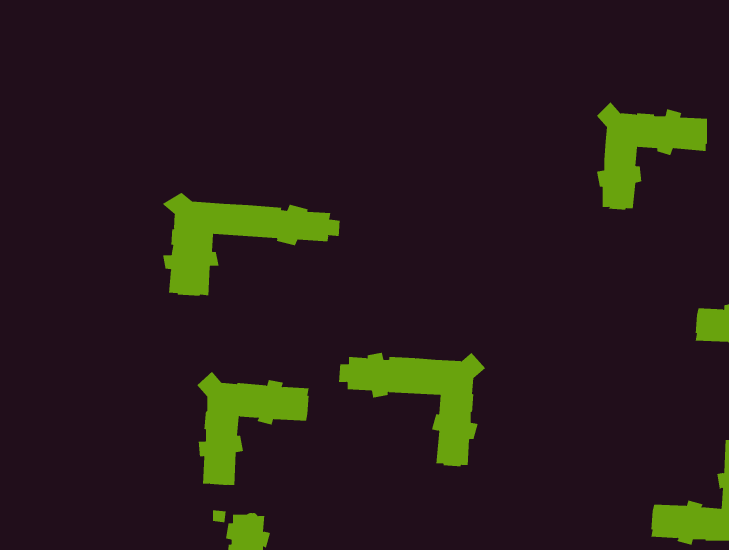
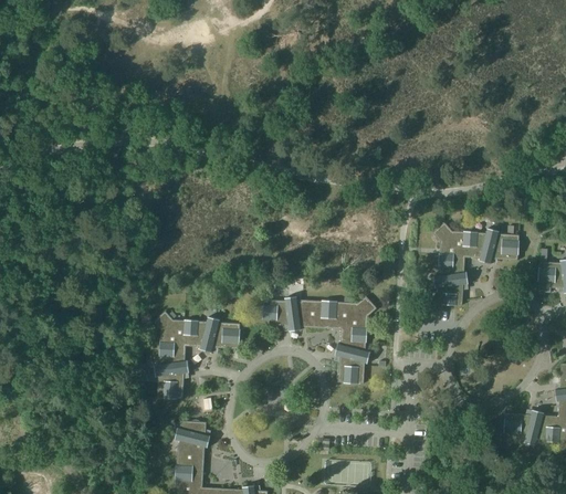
building: [596,101,708,210] -> [432,222,518,306]
building: [162,192,340,297] -> none

